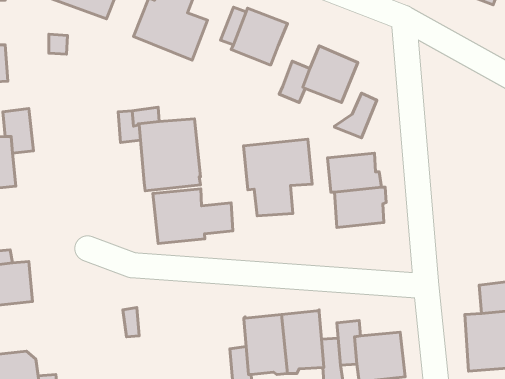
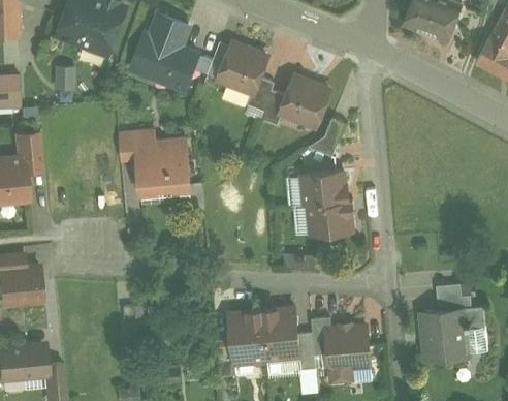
building: none -> [246,76,274,112]
building: [243,139,312,216] -> none
building: [153,189,233,244] -> none

